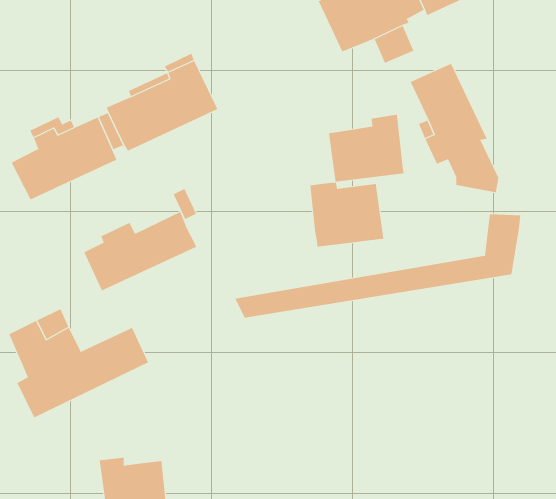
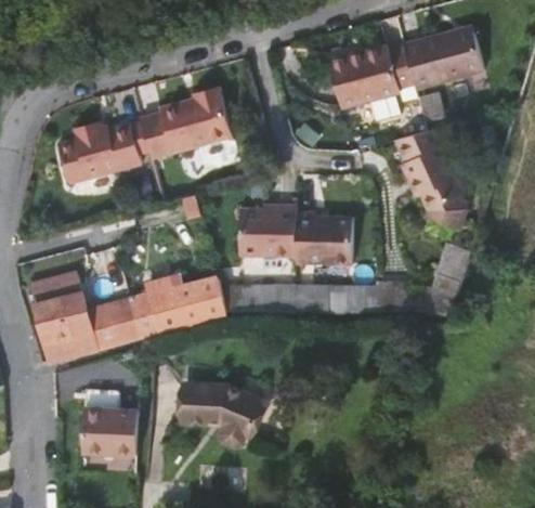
building: [328,114,404,182] -> [236,205,297,255]
building: [83,211,197,291] -> [131,278,225,334]
building: none -> [183,381,282,450]

